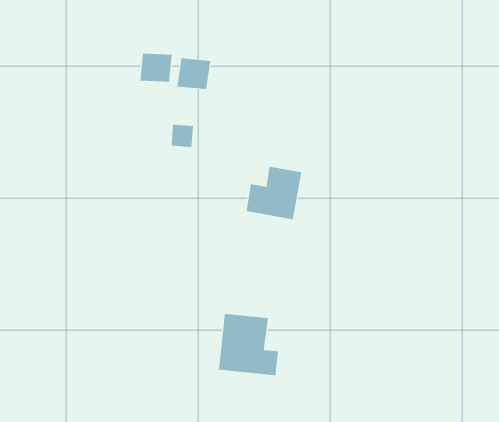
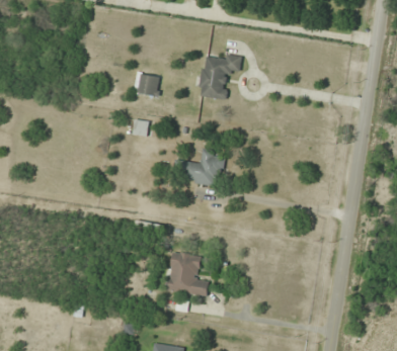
building: none -> [197,52,242,99]
building: [140,53,172,82] -> none

